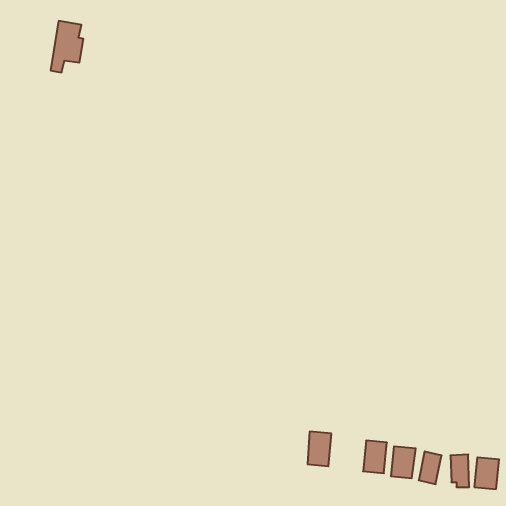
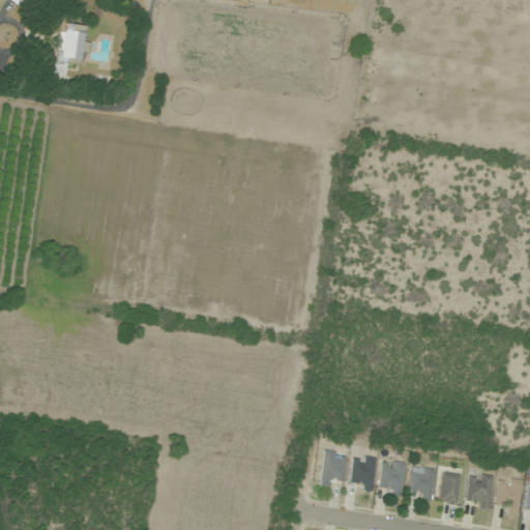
building: none -> [351,454,377,491]

